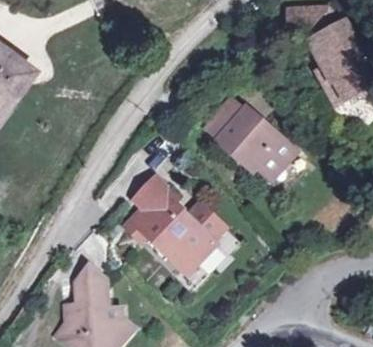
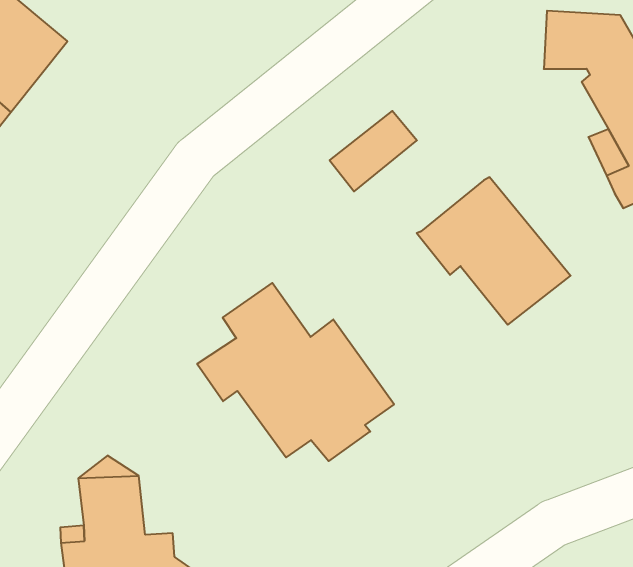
building: [217,99,261,142] -> [330,111,417,191]

